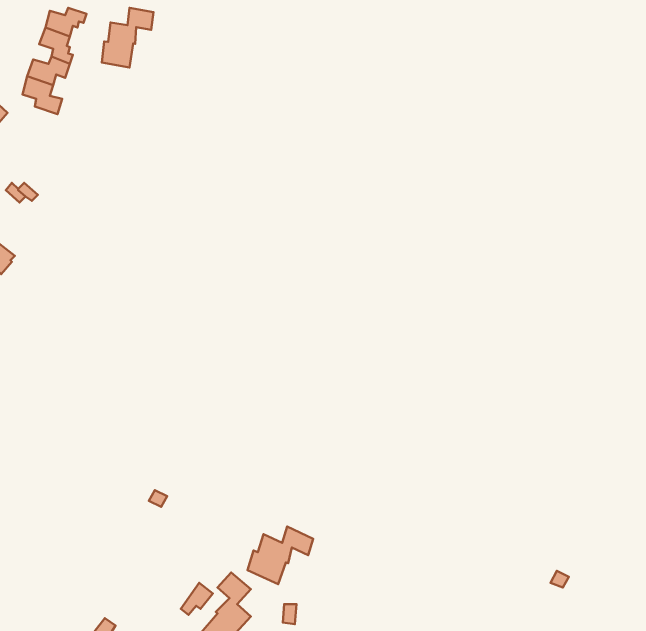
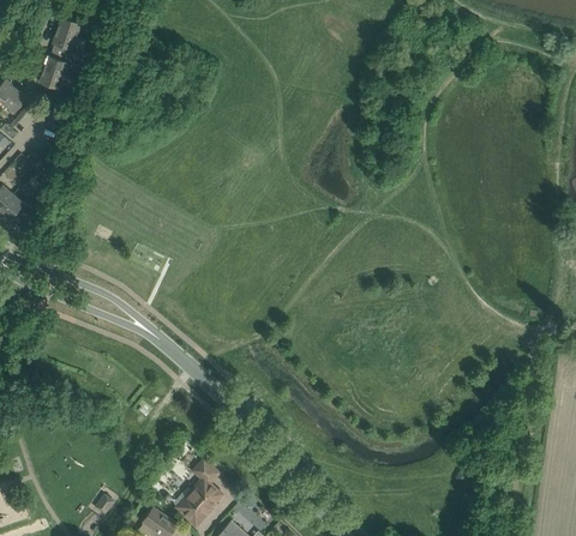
building: [102,8,153,68] -> none
building: [248,526,313,584] -> none

